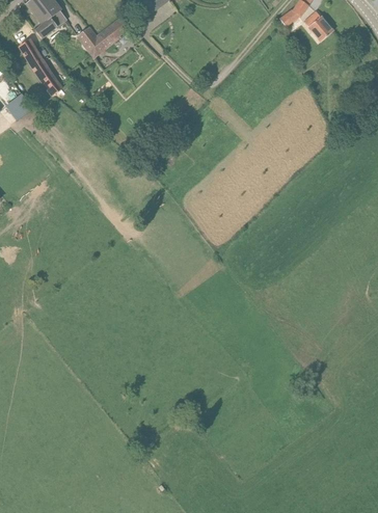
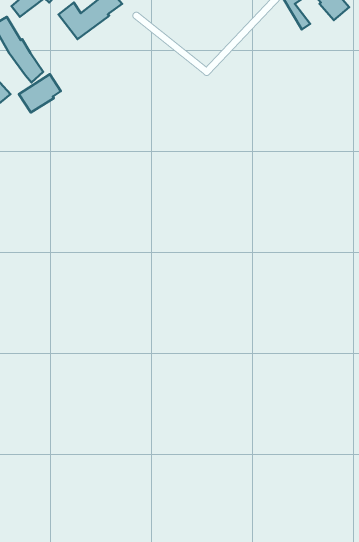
building: none -> [19,74,61,113]

